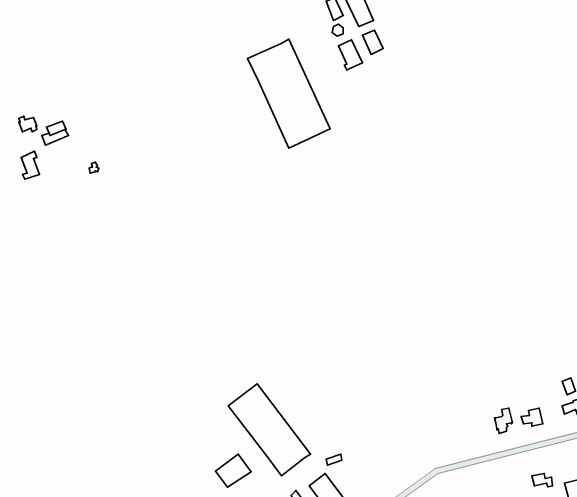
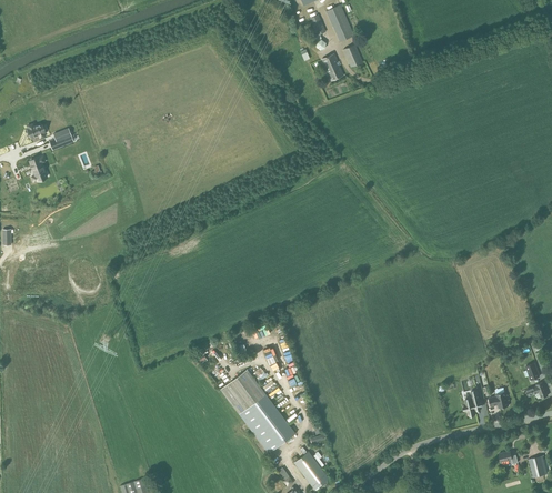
building: [248,39,330,148] -> none
building: [215,454,251,487] -> none

